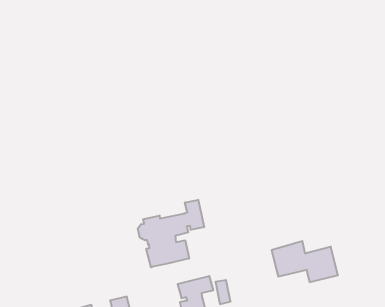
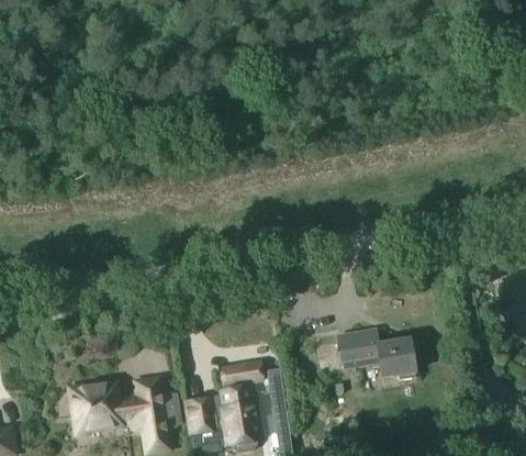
building: [138,200,204,267] -> none

